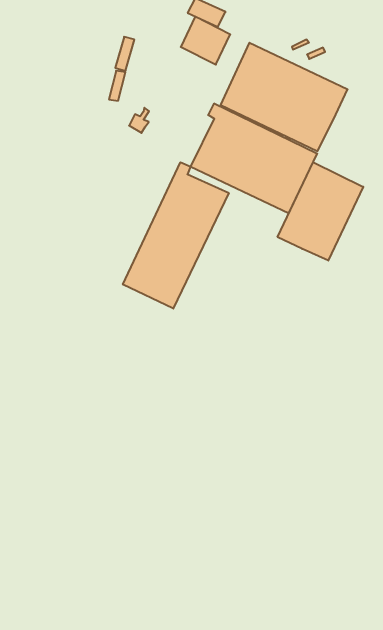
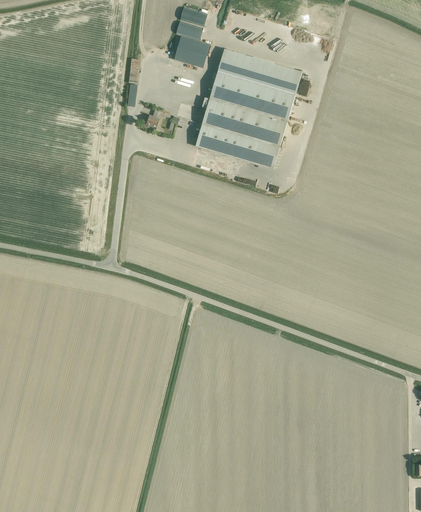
building: [123,162,229,309] -> none
building: [278,162,363,261] -> none

